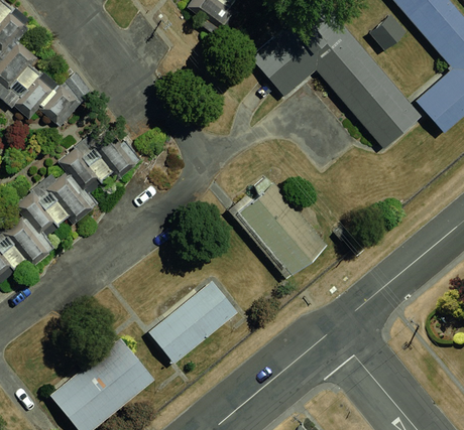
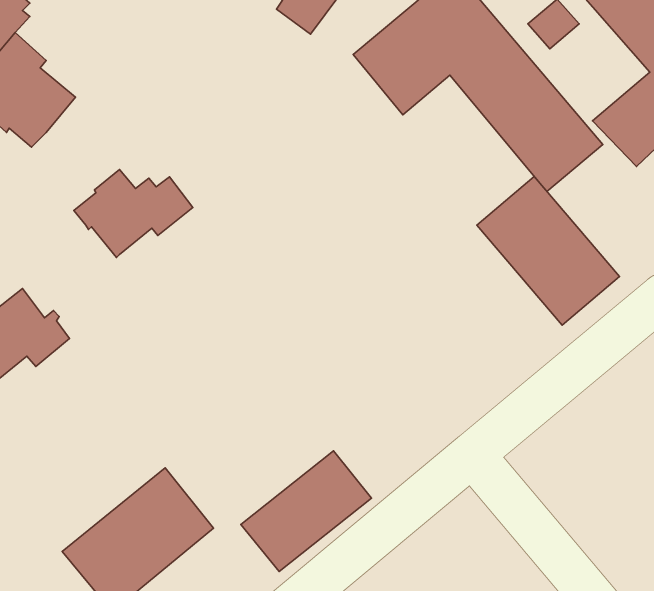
building: [38,71,92,127] -> none
building: [13,172,99,236] -> none
building: [228,177,326,279] -> [477,177,619,325]
building: [148,281,238,364] -> [241,451,372,572]

